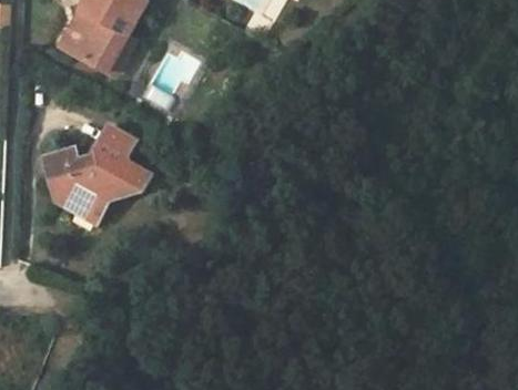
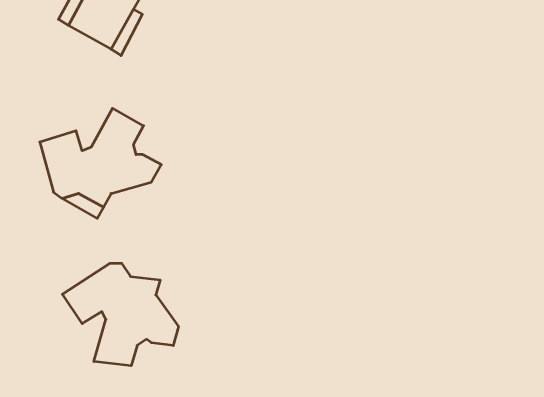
building: none -> [62,263,178,366]

